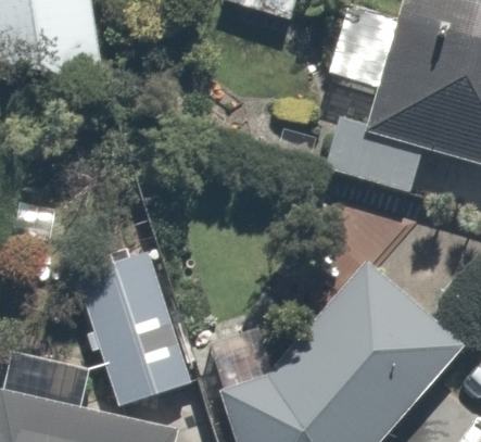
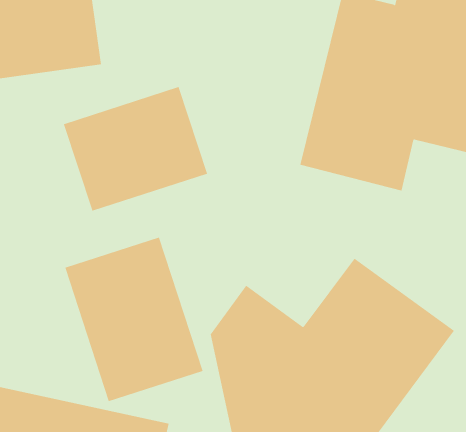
building: none -> [63,86,208,212]

